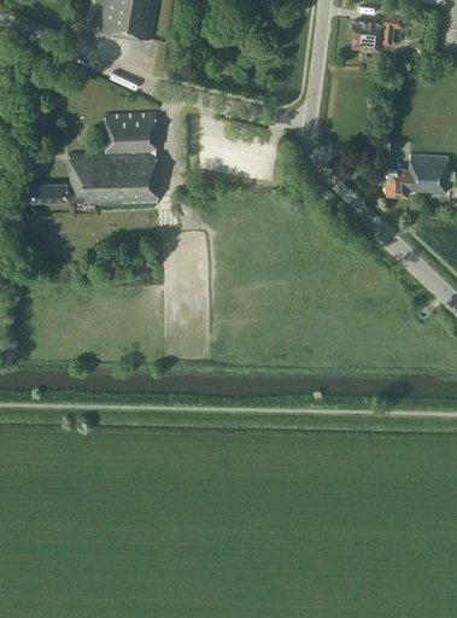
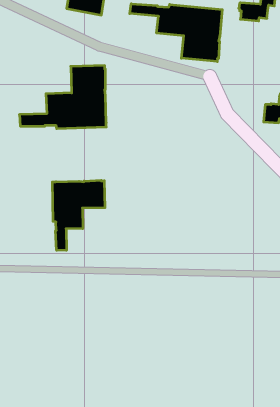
building: none -> [130,4,222,62]
building: none -> [52,180,105,250]

